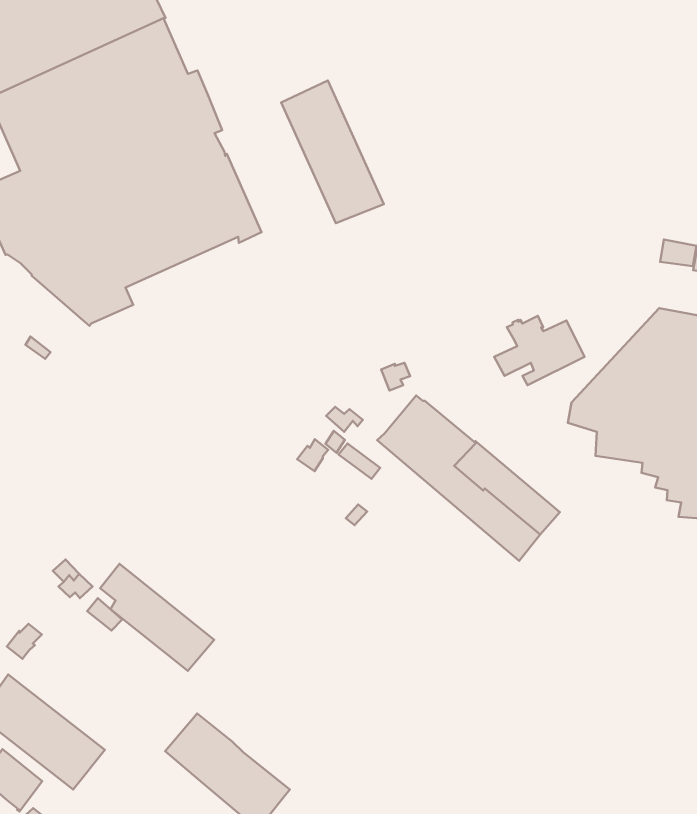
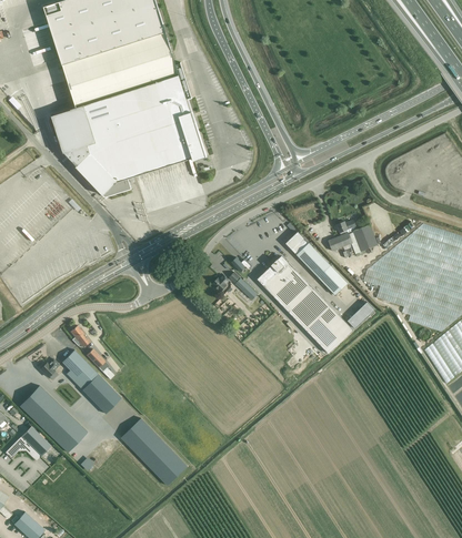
building: [281,81,384,223] -> none
building: none -> [285,231,346,295]
building: [100,564,214,671] -> [61,349,121,413]

